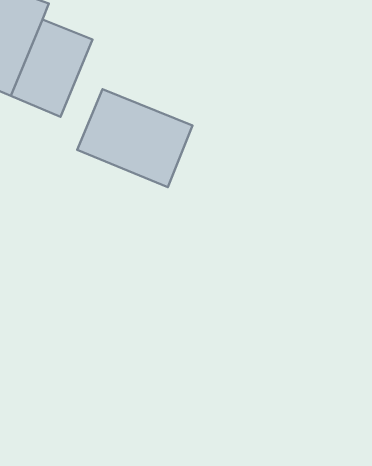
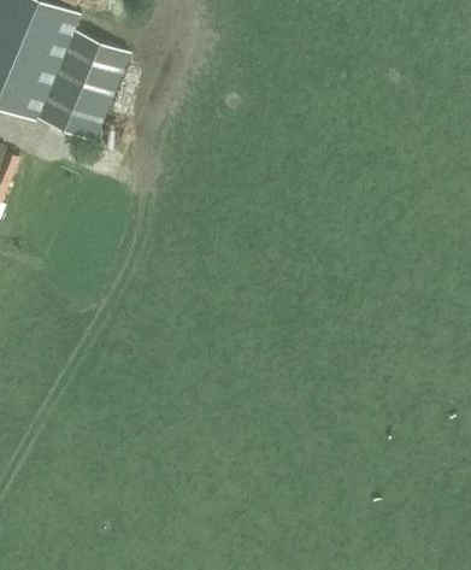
building: [77,89,192,187] -> none

